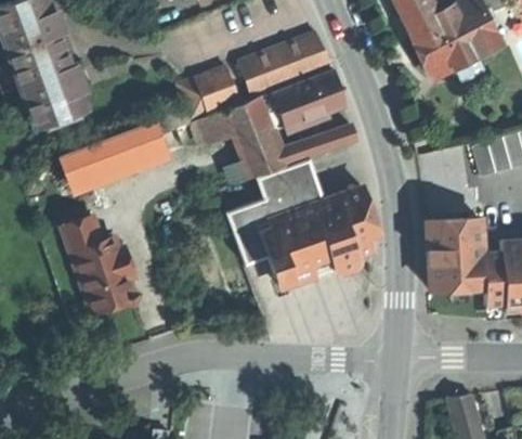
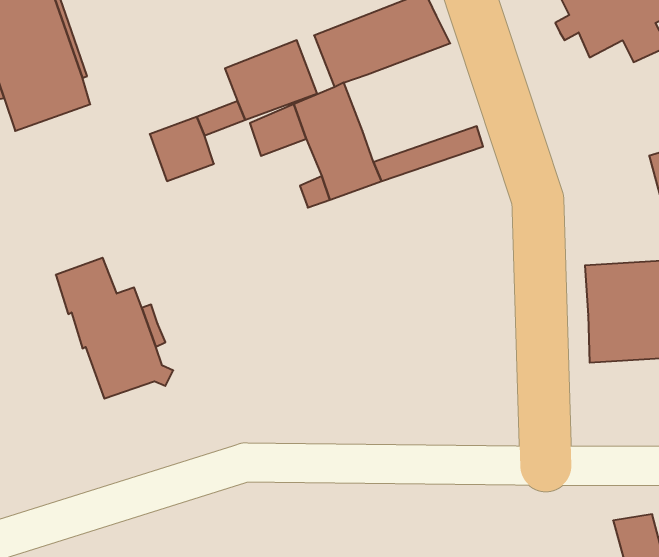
building: [261,70,347,129] -> none
building: [66,131,139,186] -> none
building: [226,159,373,284] -> none

